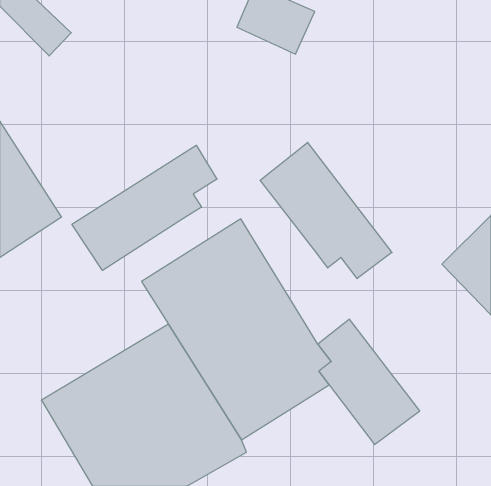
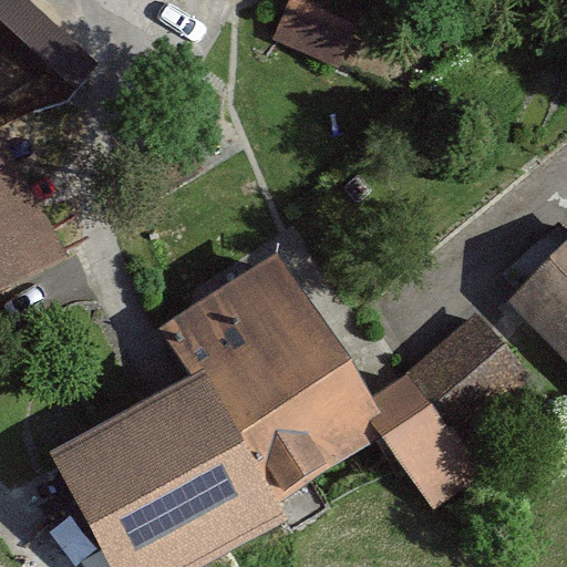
building: [260,142,392,279] -> none
building: [72,145,217,270] -> none
building: none -> [402,309,525,429]

